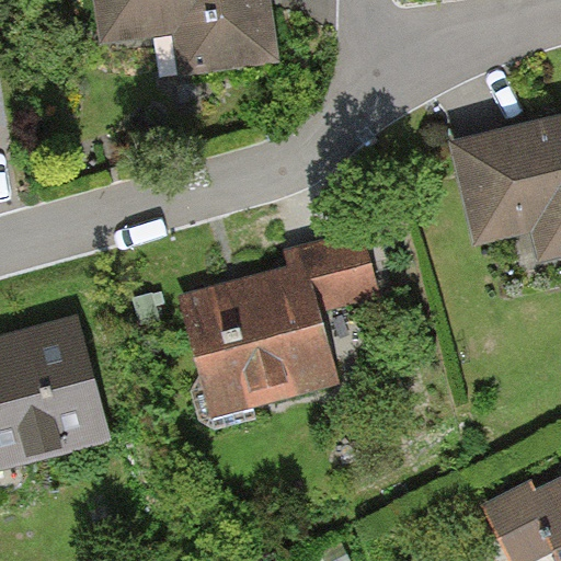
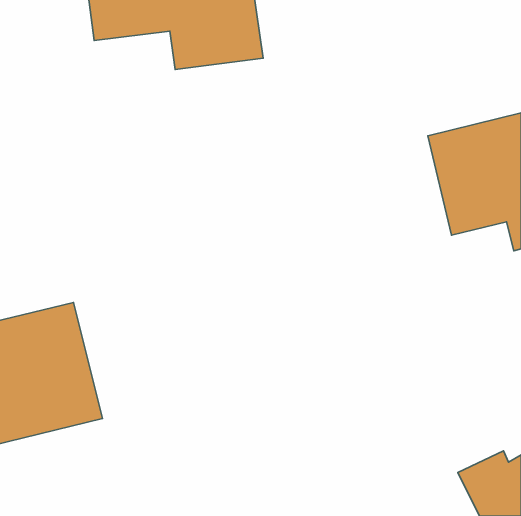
building: [184,232,380,413] -> none

